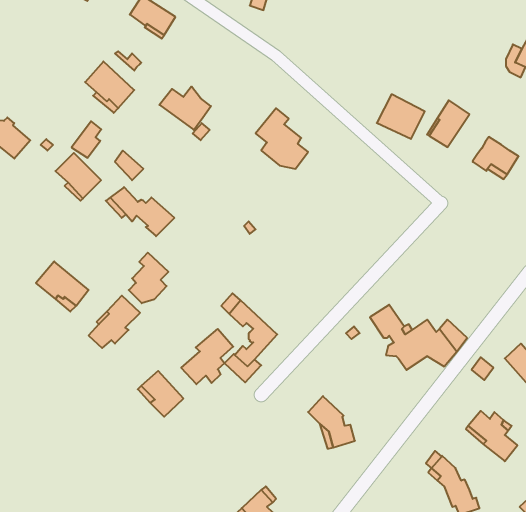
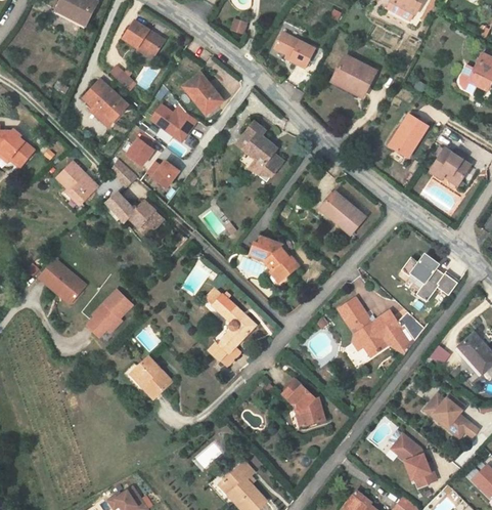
building: none -> [273,32,314,69]
building: none -> [183,73,223,115]
building: [377,94,425,139] -> [331,56,374,96]
building: [72,121,101,158] -> [128,132,154,165]
building: none -> [147,159,178,184]
building: none -> [321,192,365,236]
building: none -> [249,237,299,283]
building: [129,253,168,303] -> none
building: none -> [401,255,458,302]
building: [181,329,233,384] -> none

